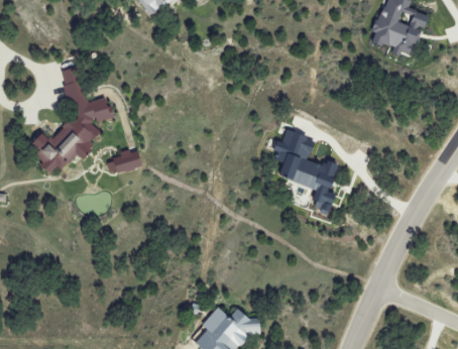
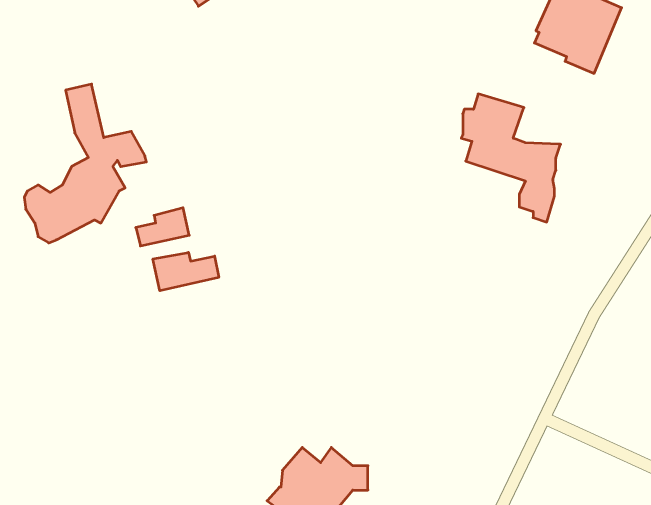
building: [273,130,339,215] -> [461,94,561,222]
building: none -> [153,252,219,291]

